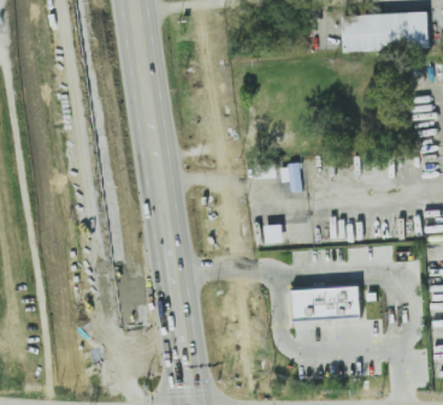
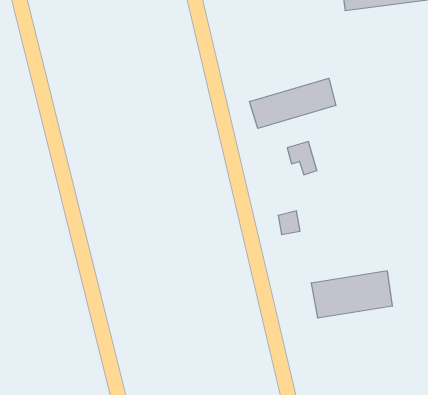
building: none -> [250,78,336,128]

